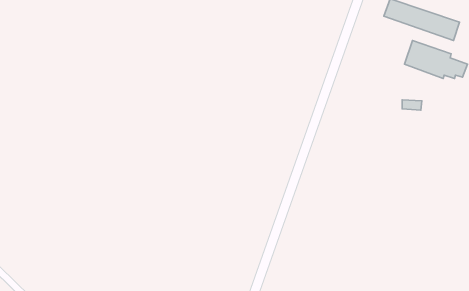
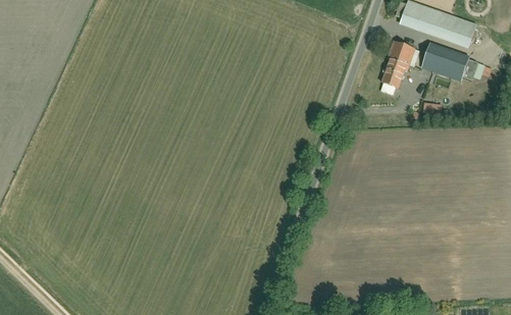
building: none -> [379,40,414,95]

